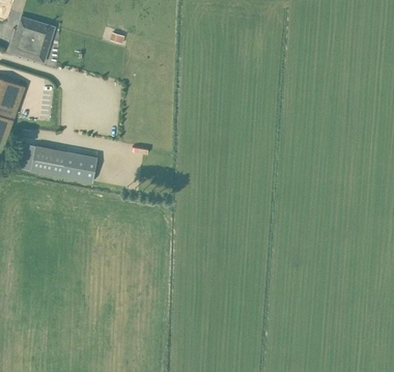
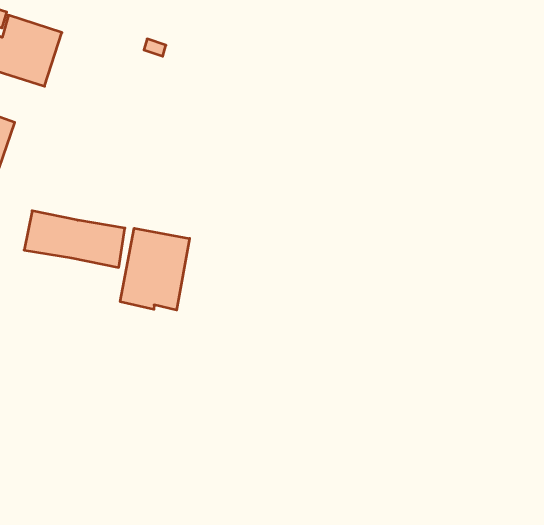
building: none -> [120,228,190,310]

